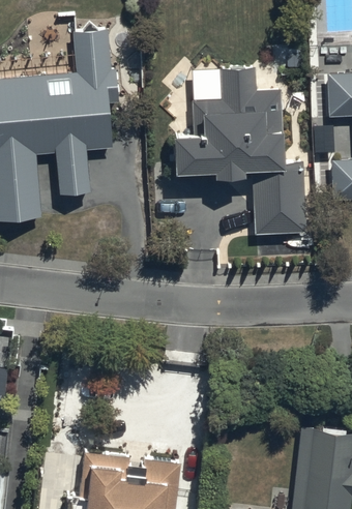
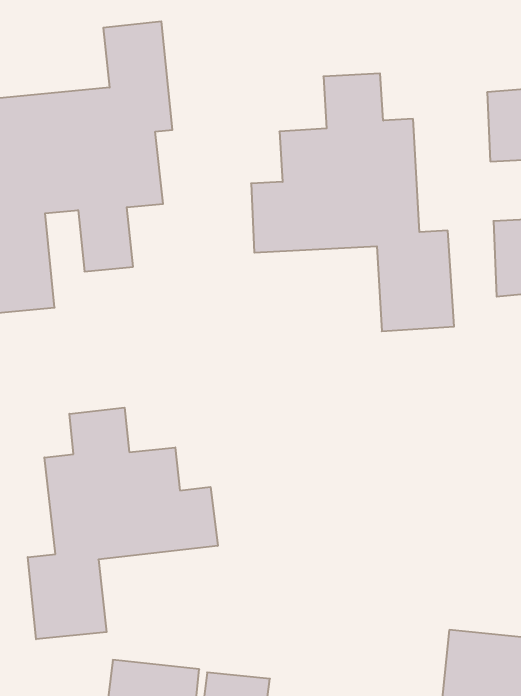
building: none -> [28,408,218,639]

